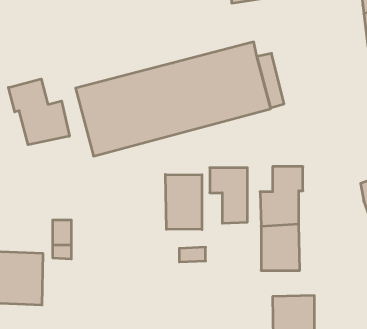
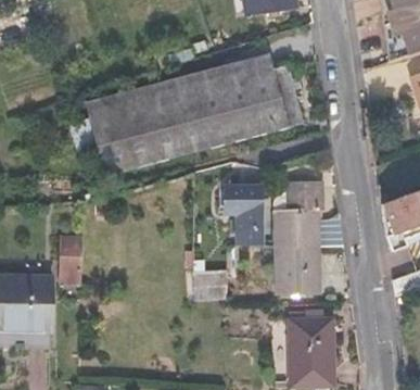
building: [8,79,69,145] -> none
building: [165,174,202,230] -> none

